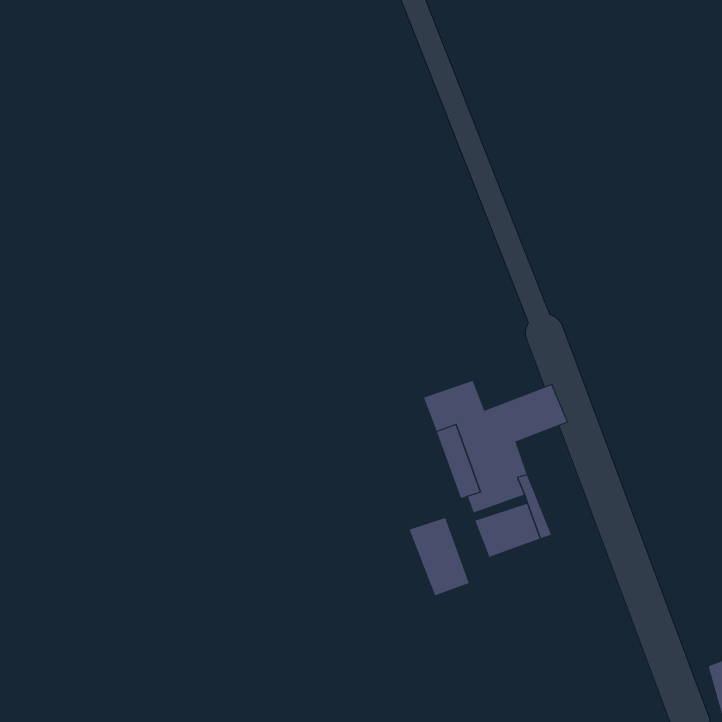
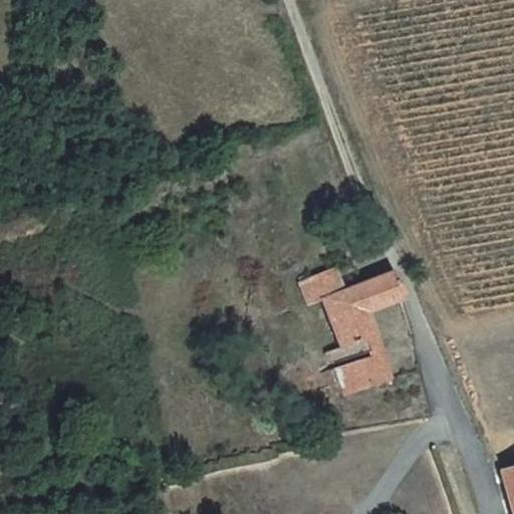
building: [409,517,470,596] -> none

